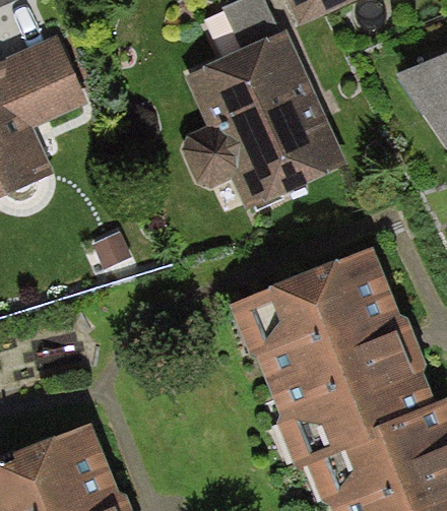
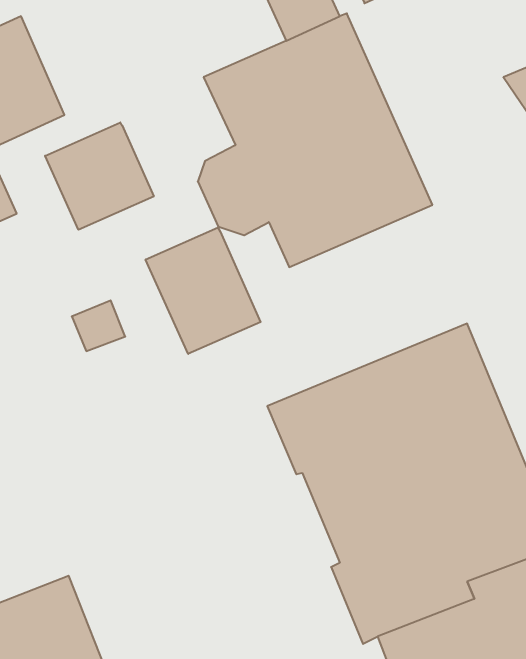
building: none -> [45,122,154,230]
building: none -> [146,228,261,354]

